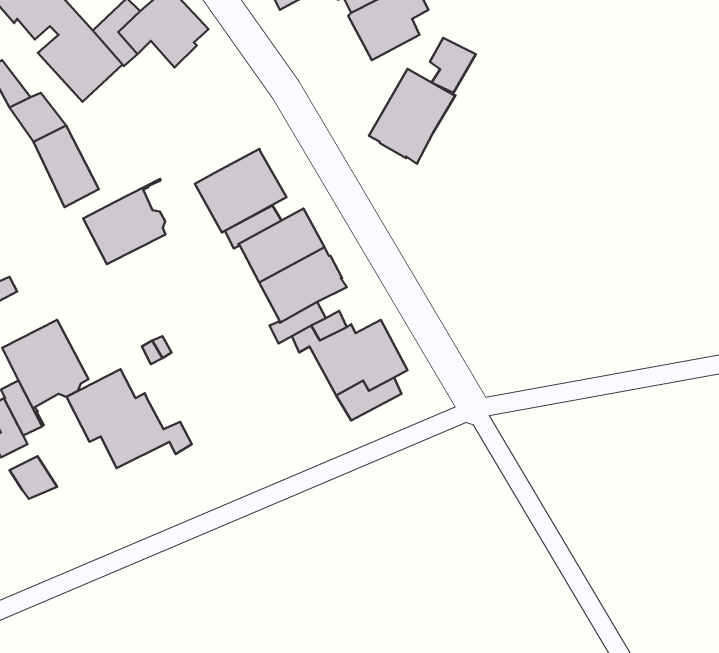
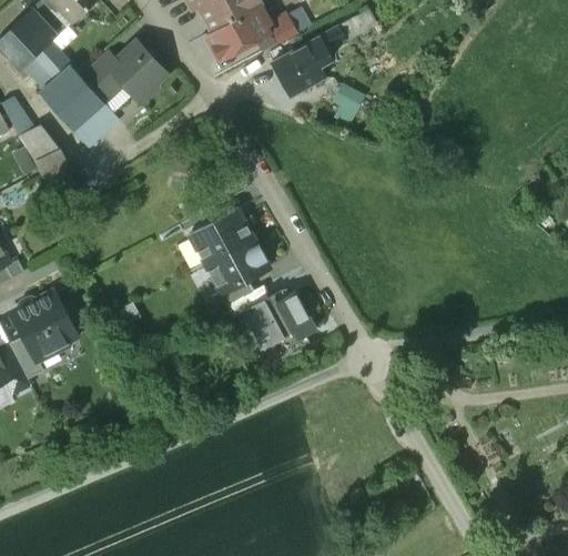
building: none -> [72,101,119,144]
building: [369,69,455,164] -> none
building: [195,149,286,233] -> none
building: [83,179,166,264] -> none
building: [67,369,192,468] -> none
building: [10,456,57,499] -> none

